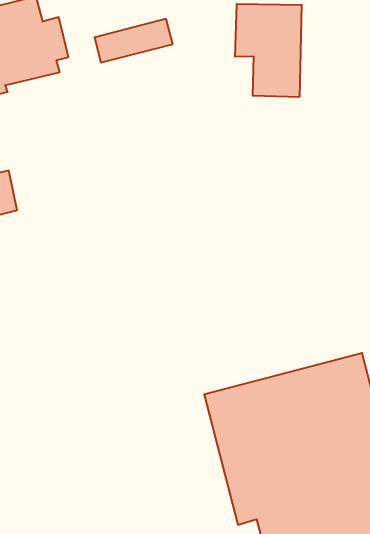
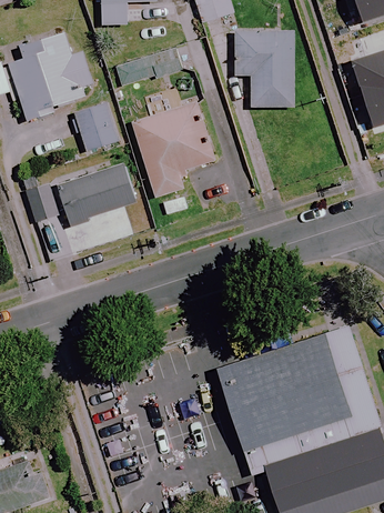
building: none -> [131,81,213,198]
building: none -> [69,100,118,151]
building: none -> [57,162,135,223]

